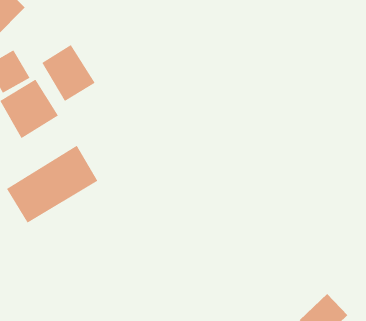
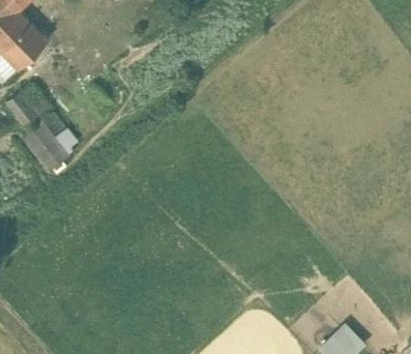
building: [42,44,95,102] -> none
building: [6,145,98,224] -> none

